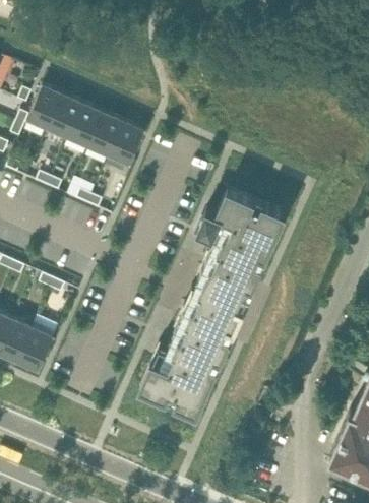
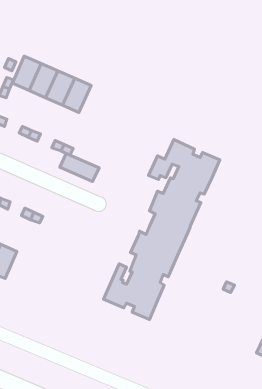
building: [110,122,144,165] -> none
building: none -> [60,153,99,182]
building: [18,328,53,371] -> none

